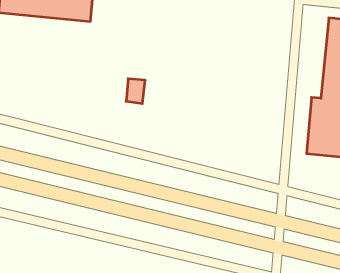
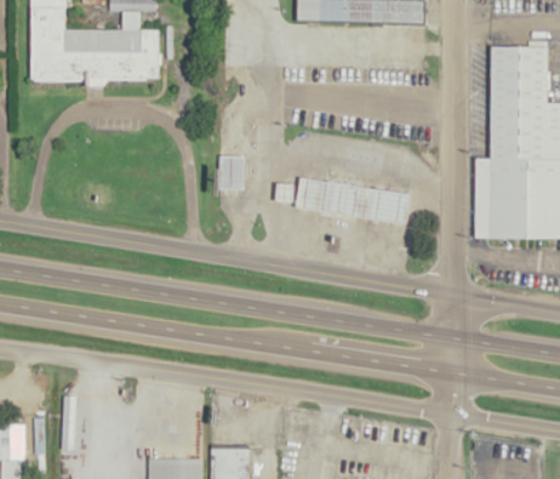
building: none -> [296,176,412,224]

